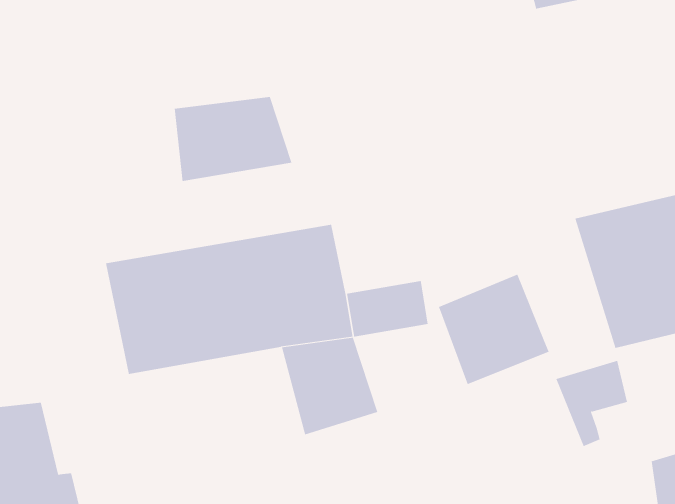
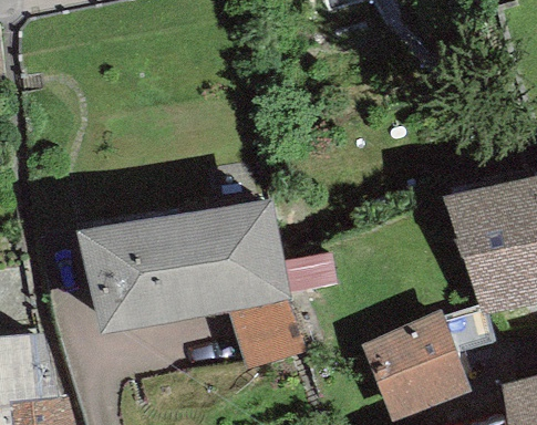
building: [174,96,292,182] -> none
building: [438,274,550,385] -> [373,324,458,410]

